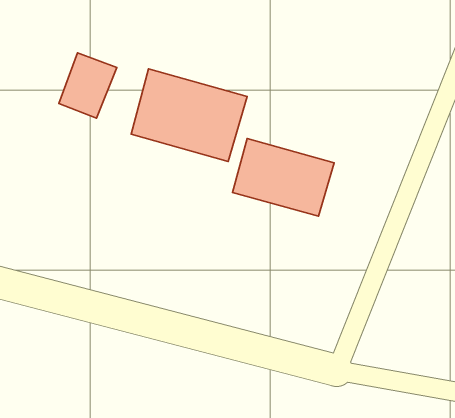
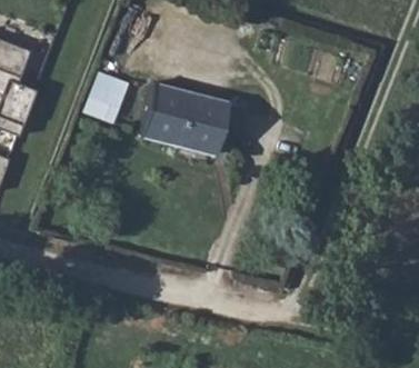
building: [233,139,334,216] -> none

